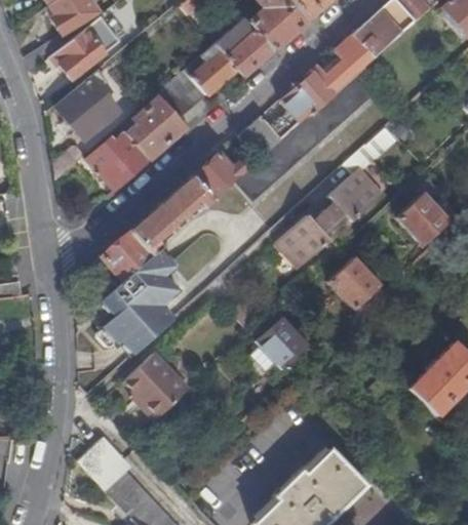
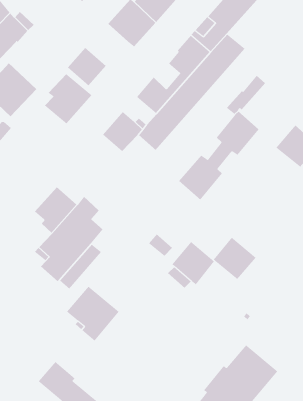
building: [186,44,237,94] -> none
building: [88,131,152,190] -> none
building: [131,175,215,255] -> none
building: [329,255,382,308] -> [213,237,256,280]

